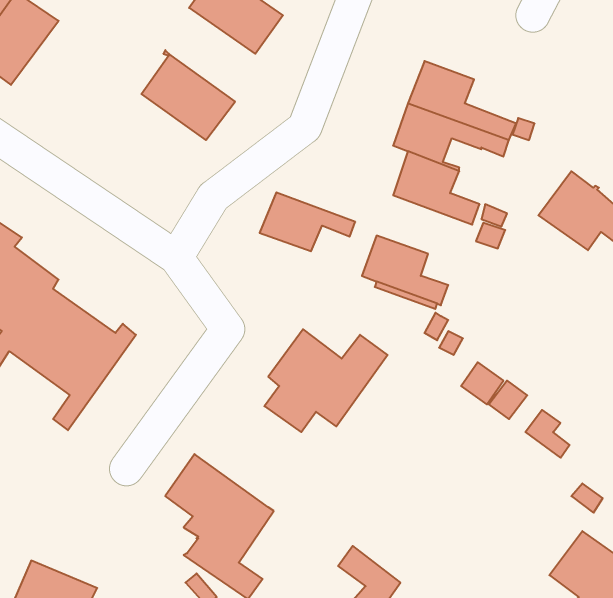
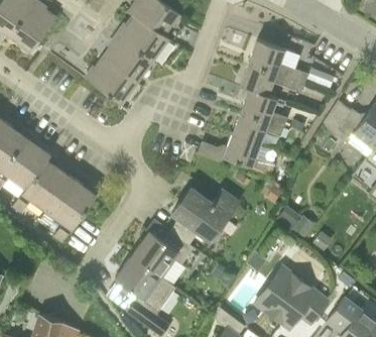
building: none -> [118,10,169,62]
building: none -> [87,58,138,105]
building: [260,192,355,251] -> [232,113,284,145]
building: none -> [132,229,195,285]
building: none -> [255,266,328,323]

